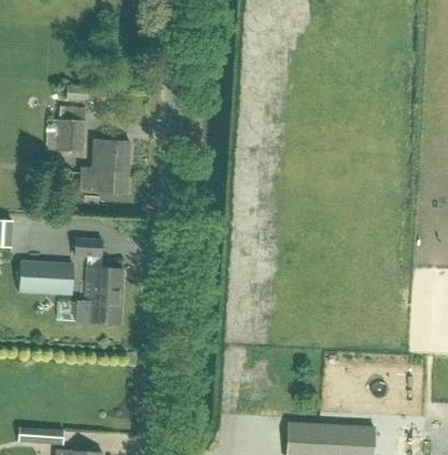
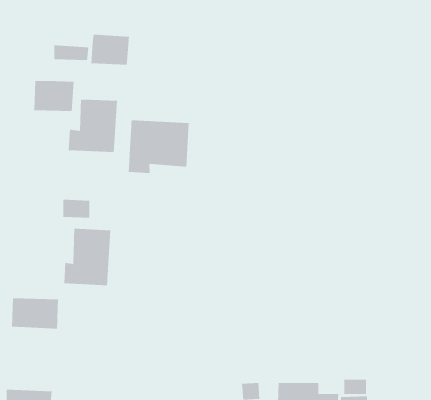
building: none -> [91,34,129,65]
building: none -> [128,120,189,174]
building: [25,263,73,294] -> [11,298,59,329]

